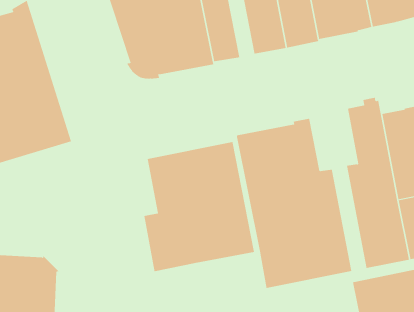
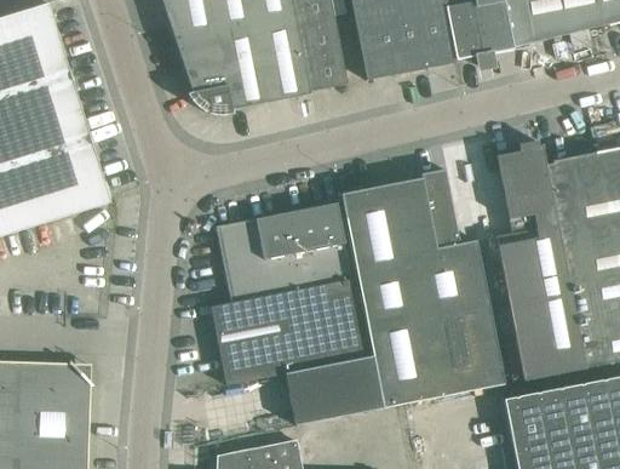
building: none -> [285,356,383,425]

